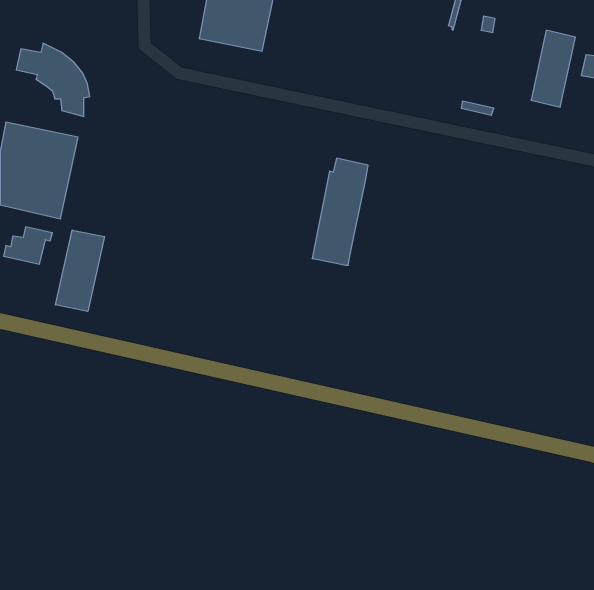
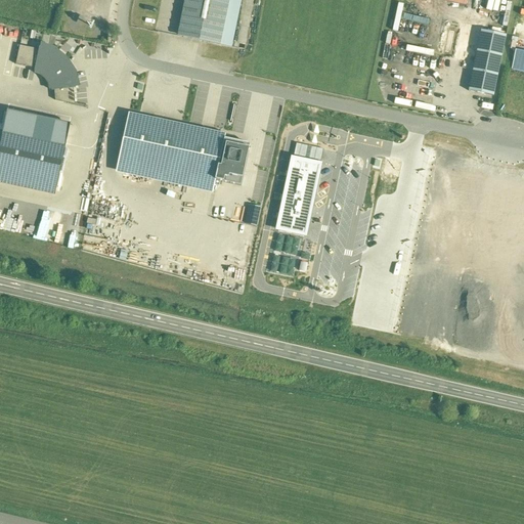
building: none -> [116,111,248,190]
building: [55,230,105,311] -> none

